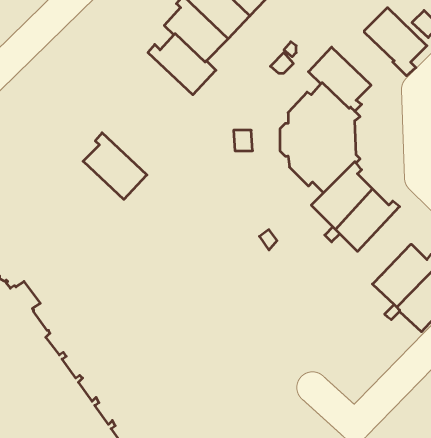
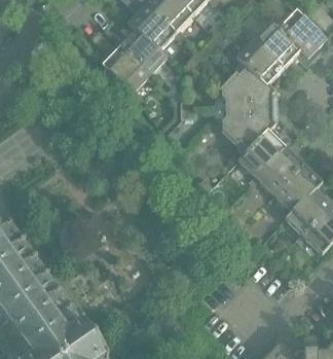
building: none -> [253,20,309,67]
building: [83,133,147,199] -> [100,42,148,93]
building: none -> [272,158,321,210]

